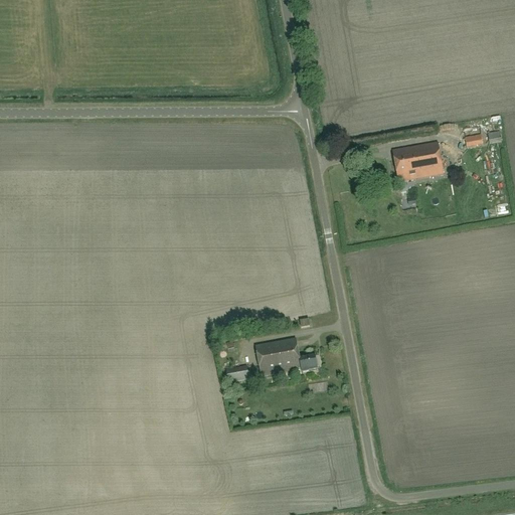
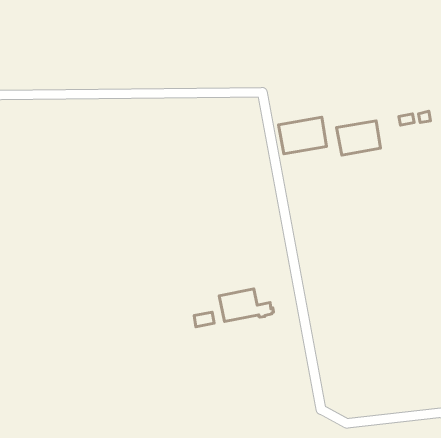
building: none -> [278,117,327,154]

